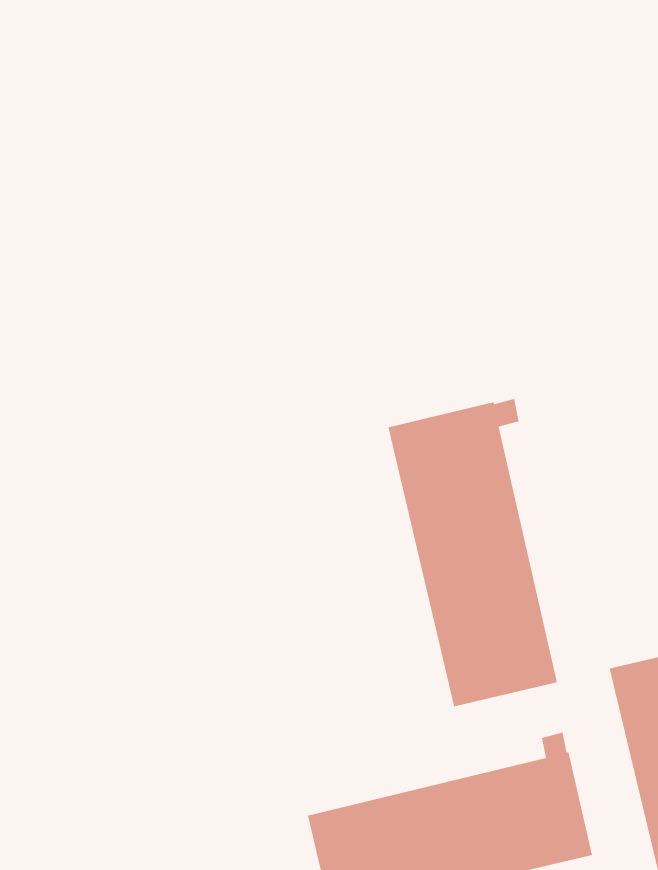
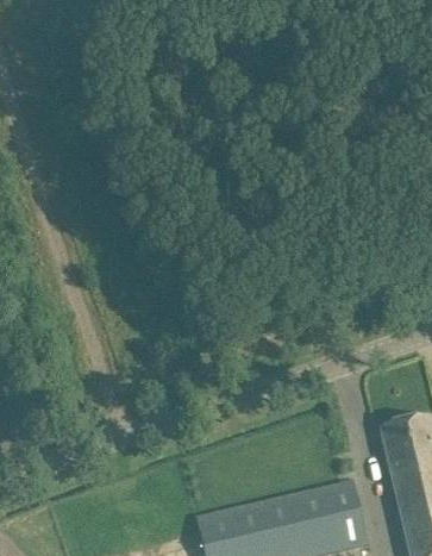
building: [388,398,558,707] -> none

